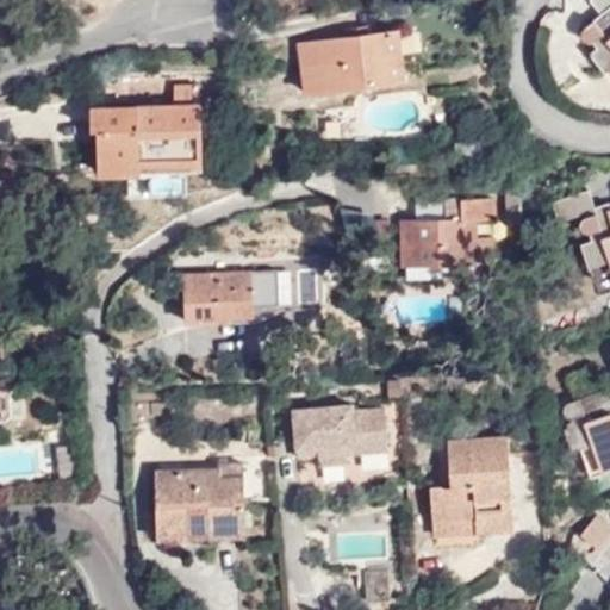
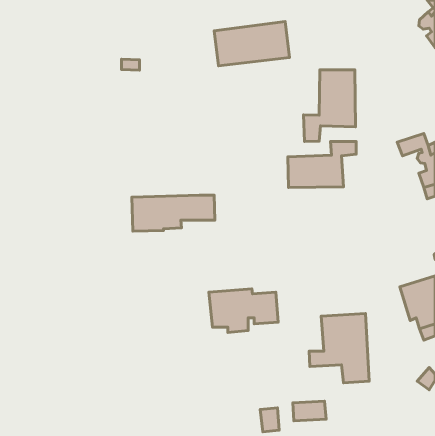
building: none -> [304,70,356,142]
building: [92,106,203,174] -> none
building: [156,459,247,543] -> none
building: [431,510,478,537] -> [293,401,326,421]

